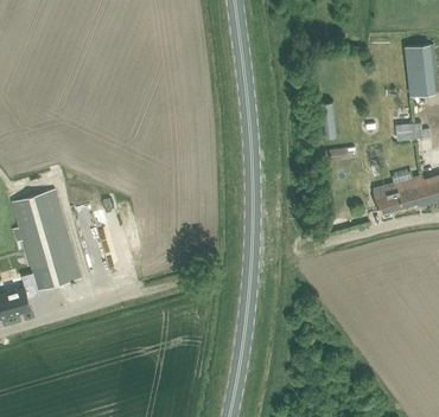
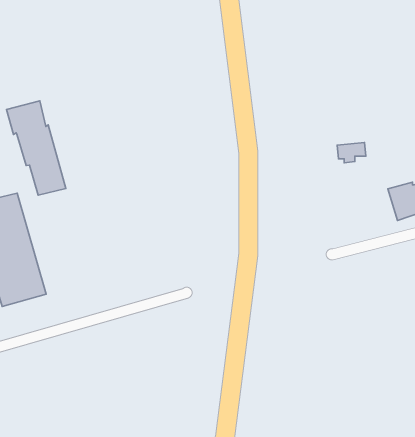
building: none -> [7,101,66,195]

